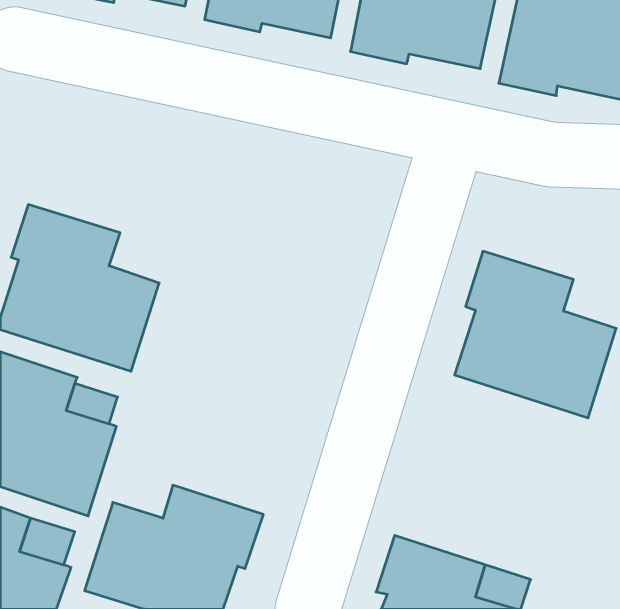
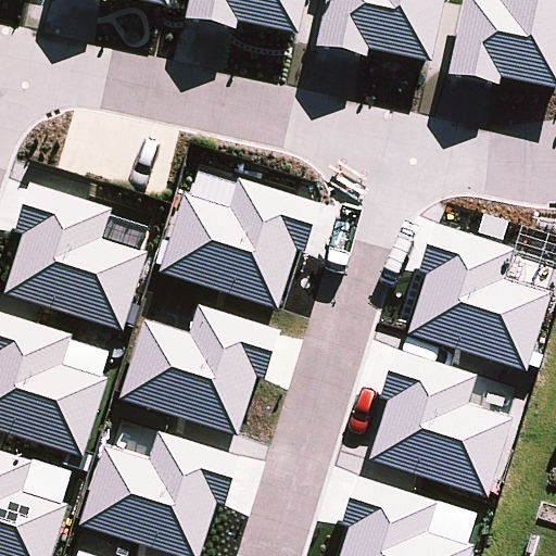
building: none -> [160,176,319,308]
building: none -> [119,303,279,434]
building: none -> [369,349,514,497]

